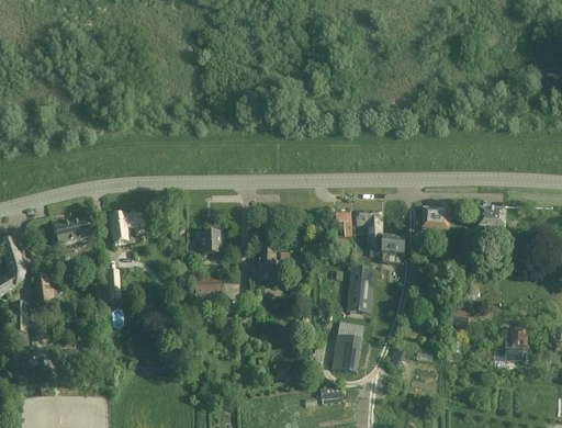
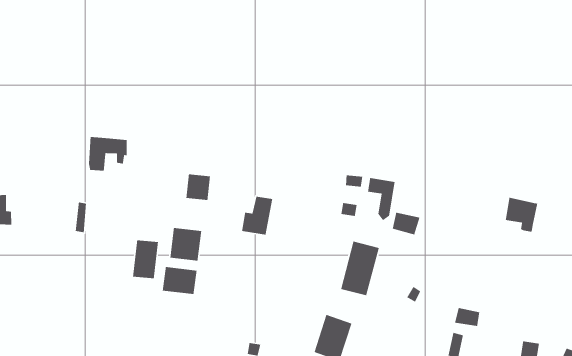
building: [420,206,449,239] -> none
building: [53,216,93,244] -> none
building: none -> [132,239,159,279]
building: none -> [162,266,197,295]

